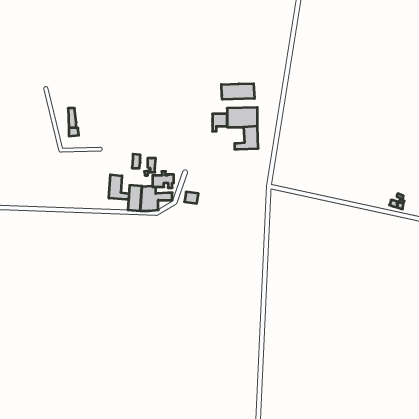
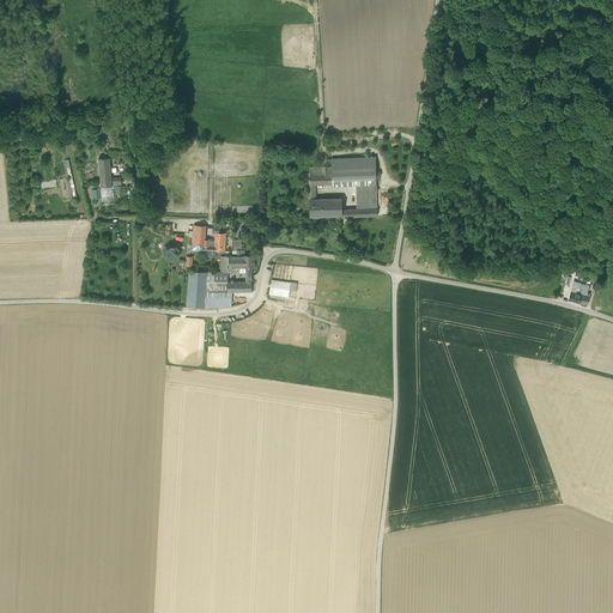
building: [221,84,254,99] -> none
building: none -> [310,199,342,218]
building: [109,175,129,199] -> none

